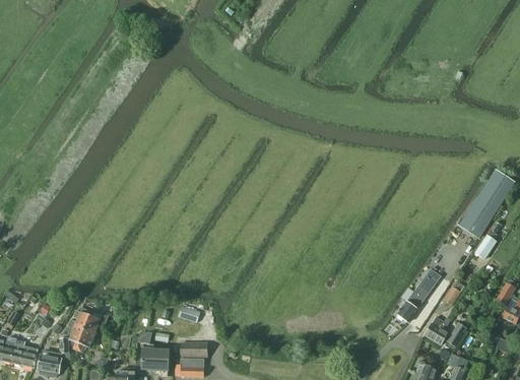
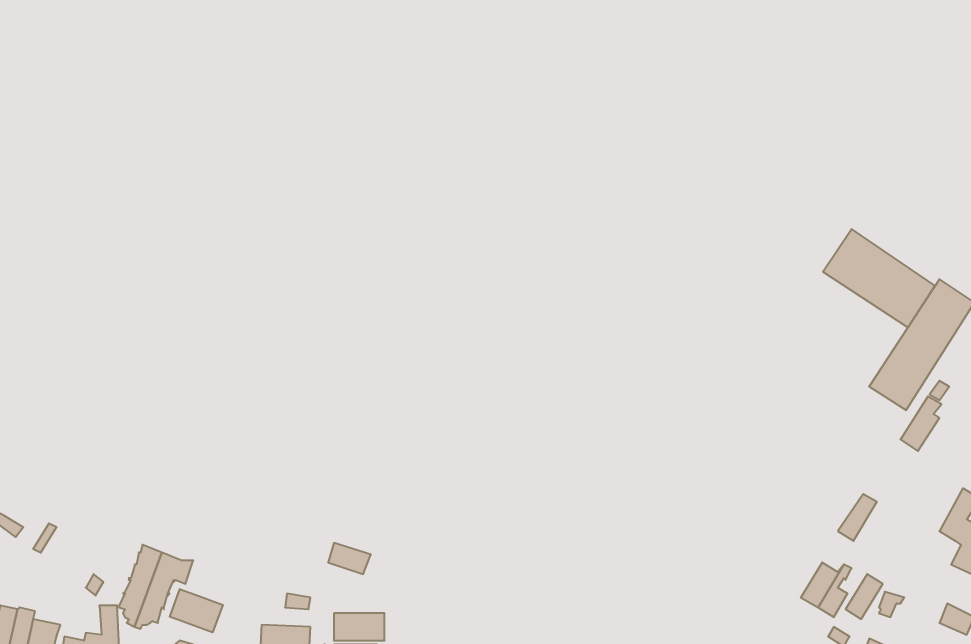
building: none -> [823,229,935,327]
building: [397,268,441,321] -> none
building: none -> [170,589,223,632]

